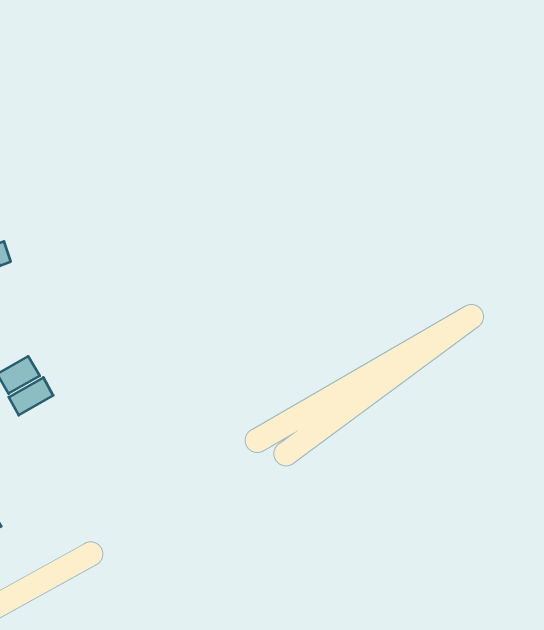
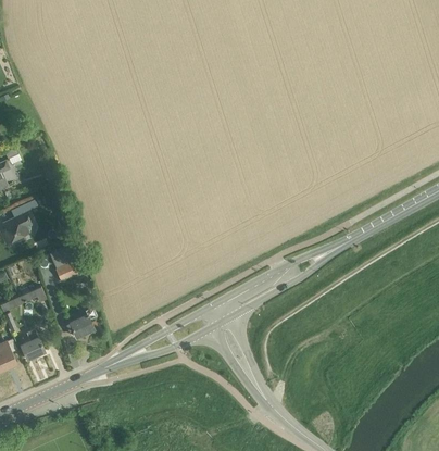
building: none -> [67,306,98,337]

